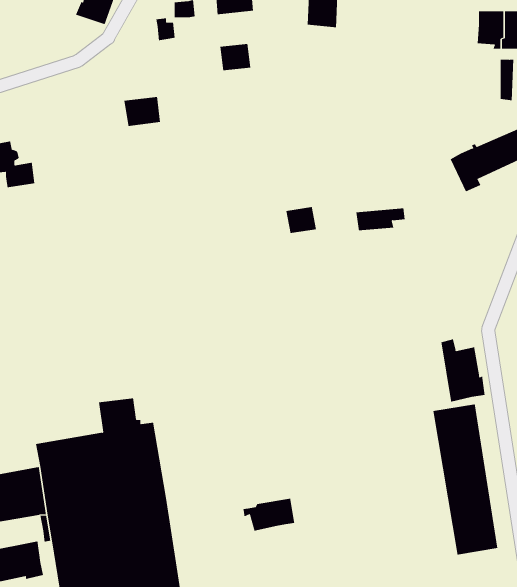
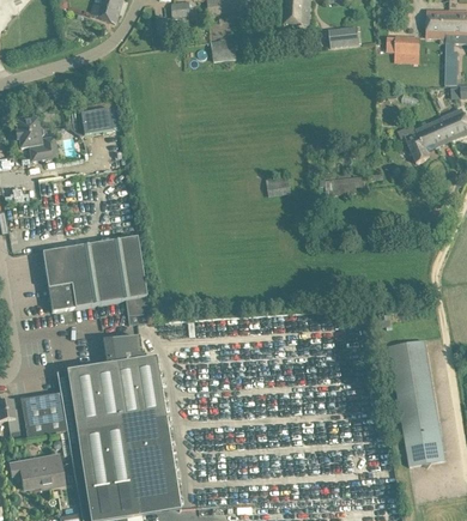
building: none -> [328,25,359,47]
building: none -> [394,35,420,61]
building: [124,96,161,126] -> [80,109,111,134]
building: none -> [42,236,150,314]
building: [441,339,485,402] -> none
building: [243,498,295,532] -> none

